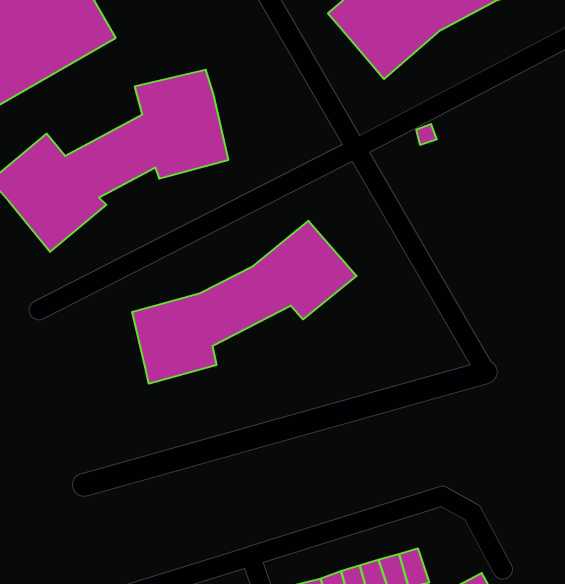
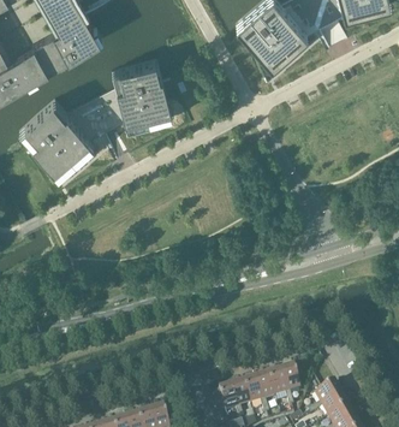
building: [132,221,357,384] -> none

